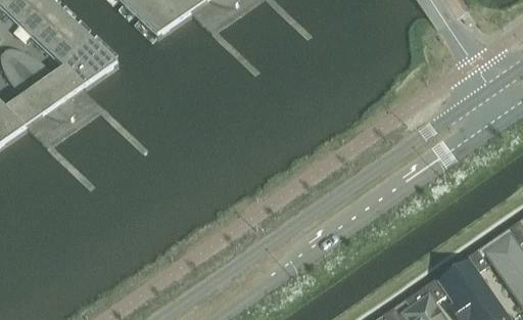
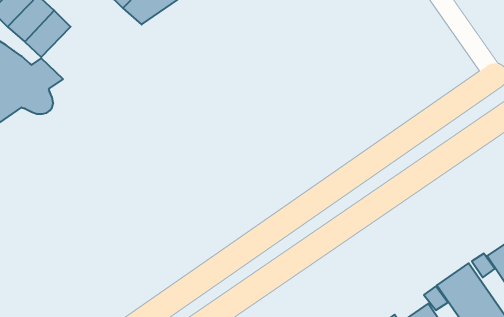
building: [63,35,117,84] -> none

